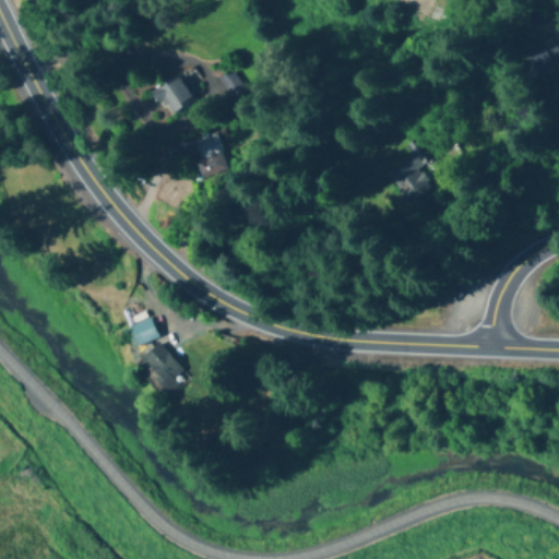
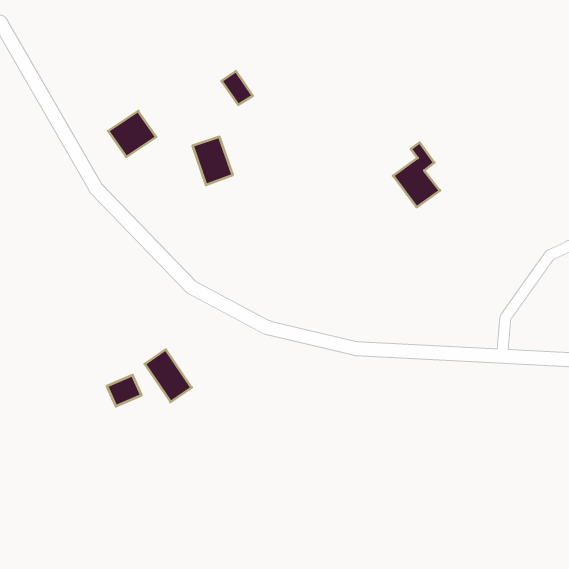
building: [151,72,198,117] -> [108,111,156,157]
building: [124,318,158,348] -> [107,375,141,406]

